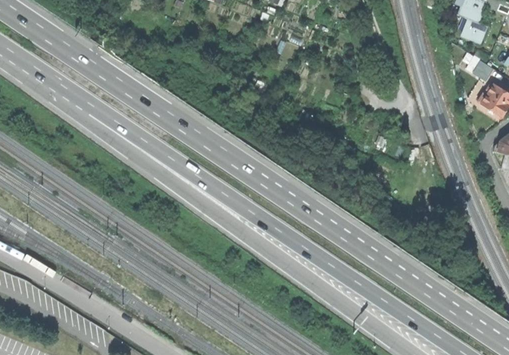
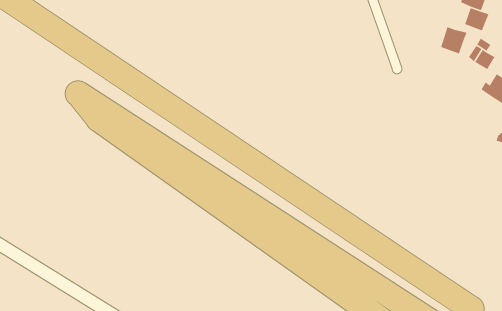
building: none -> [440,26,468,55]

